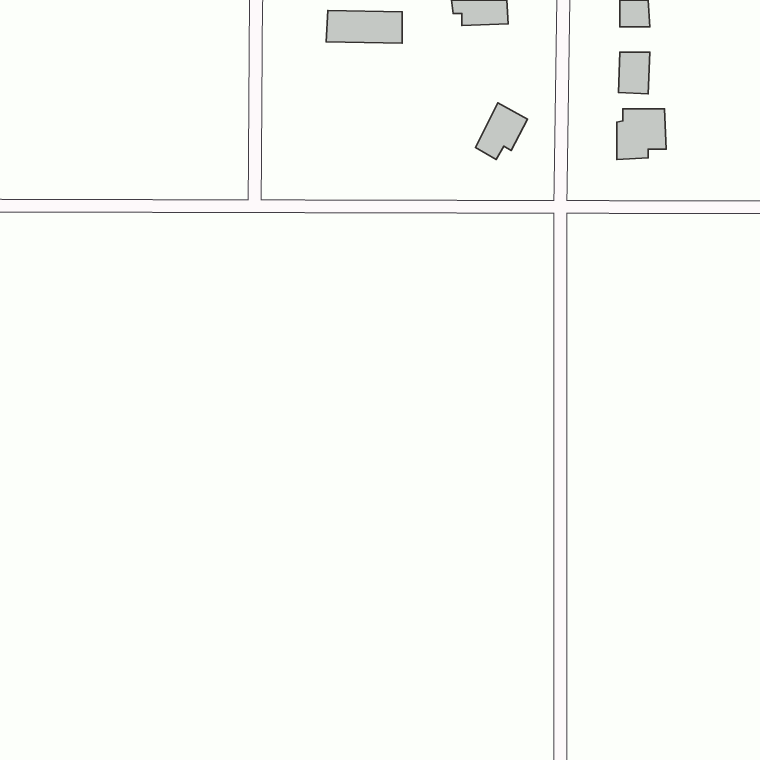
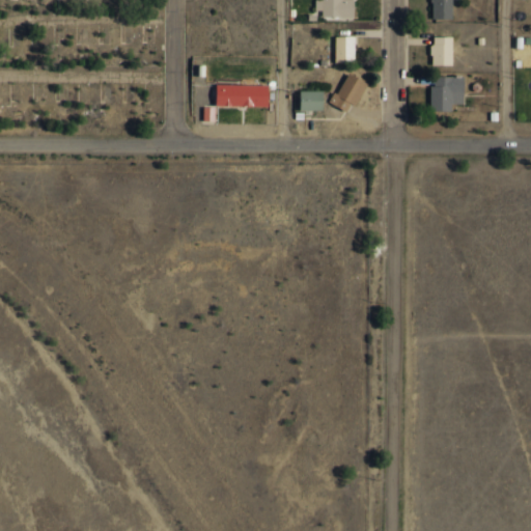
building: [326,10,402,43] -> [216,85,269,108]
building: none -> [335,37,356,63]
building: none -> [300,91,324,111]

